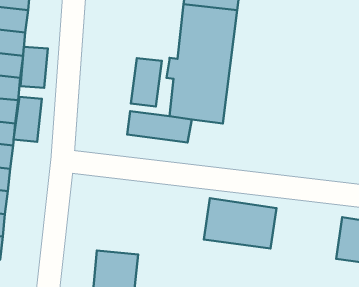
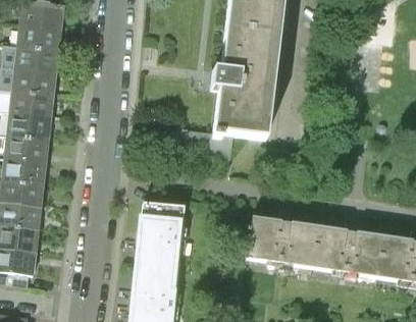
building: [20,47,48,88] -> none
building: [131,58,162,106] -> none
building: [14,97,42,142] -> none
building: none -> [136,202,184,272]
building: none -> [311,225,383,276]

